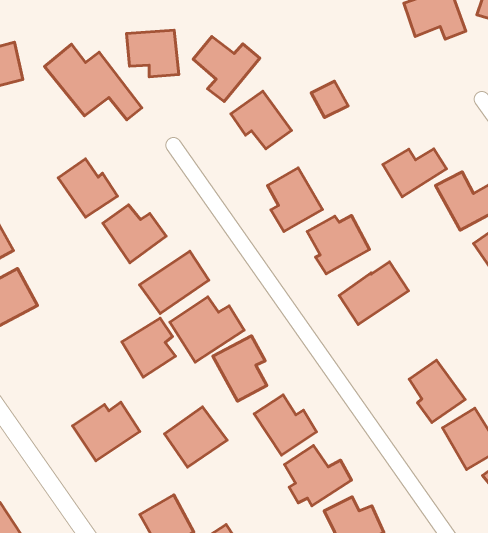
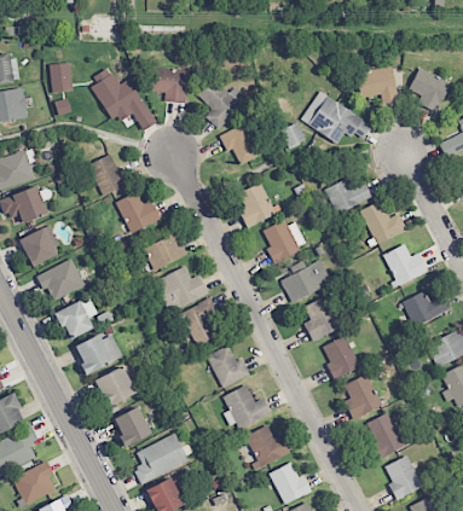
building: none -> [301,92,372,144]
building: none -> [39,259,85,302]
building: none -> [303,296,342,342]
building: [122,318,175,377] -> [57,300,94,341]
building: [165,407,227,467] -> [92,366,137,408]

